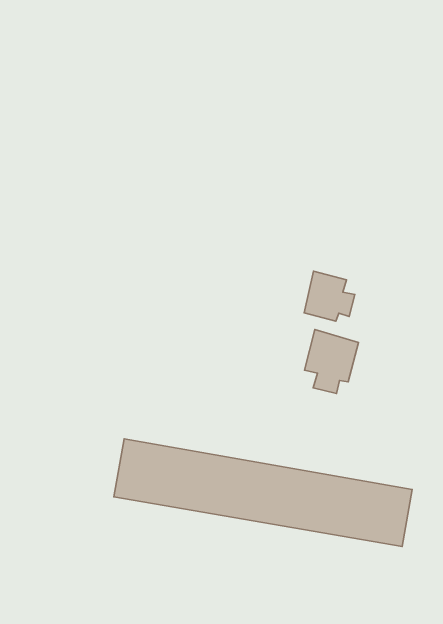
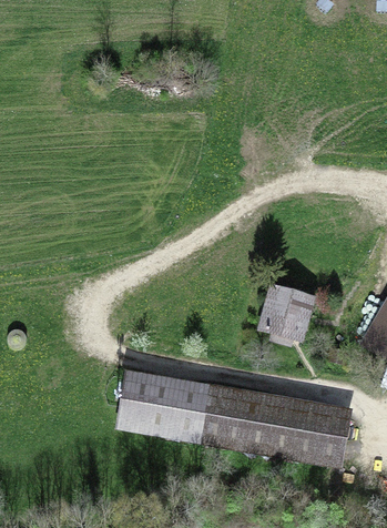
building: [304,271,355,321] -> none

